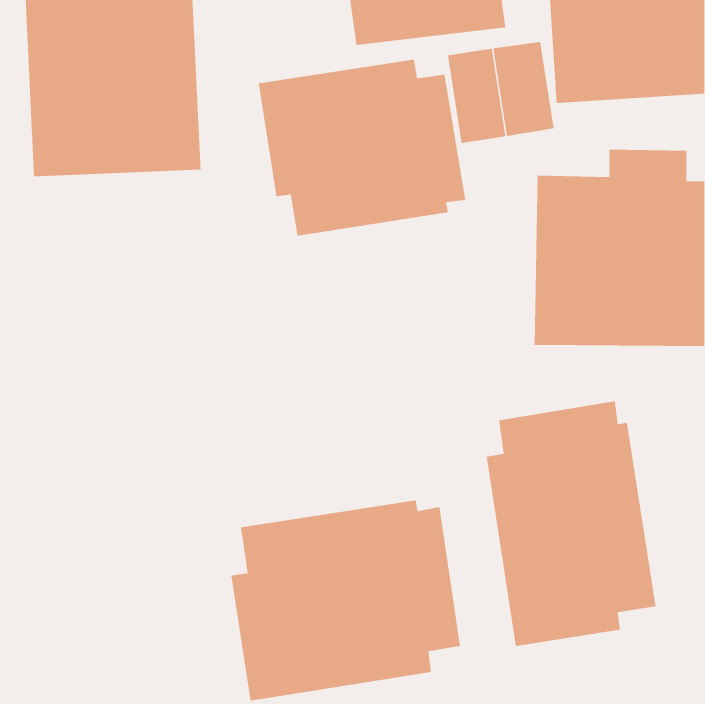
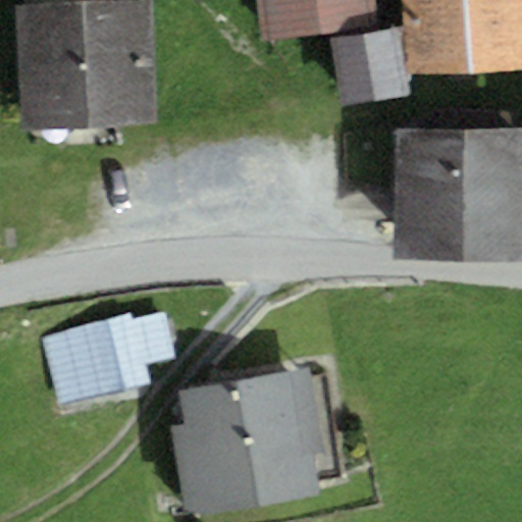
building: [258,59,466,237] -> none
building: [486,400,656,647] -> none
building: none -> [36,312,176,410]

